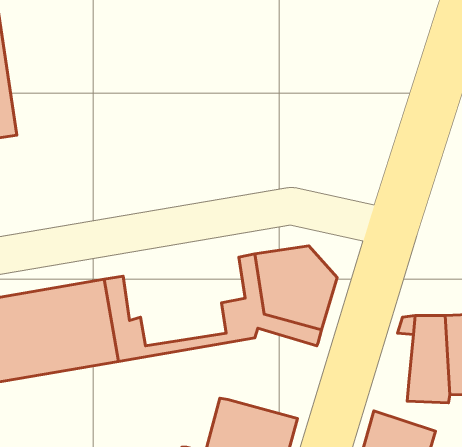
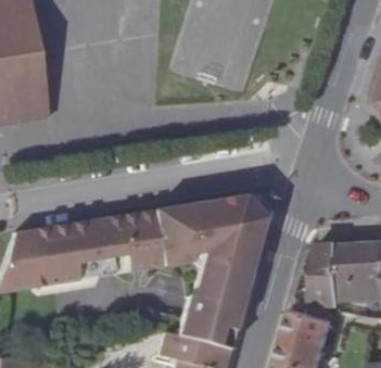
building: none -> [123,201,206,262]
building: none -> [194,250,255,312]

